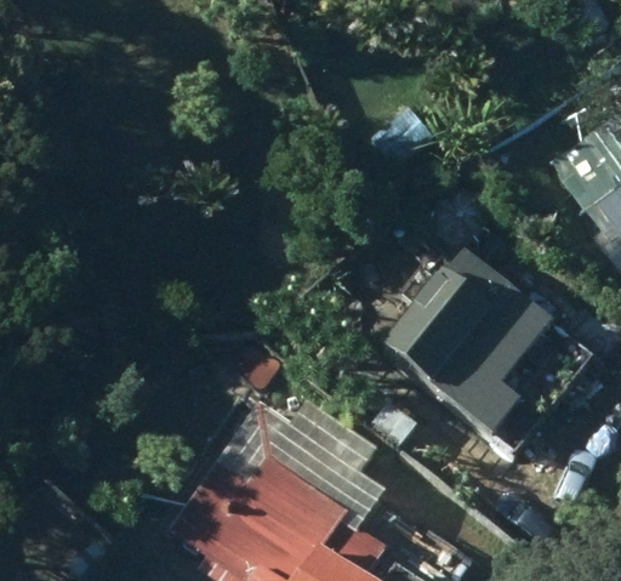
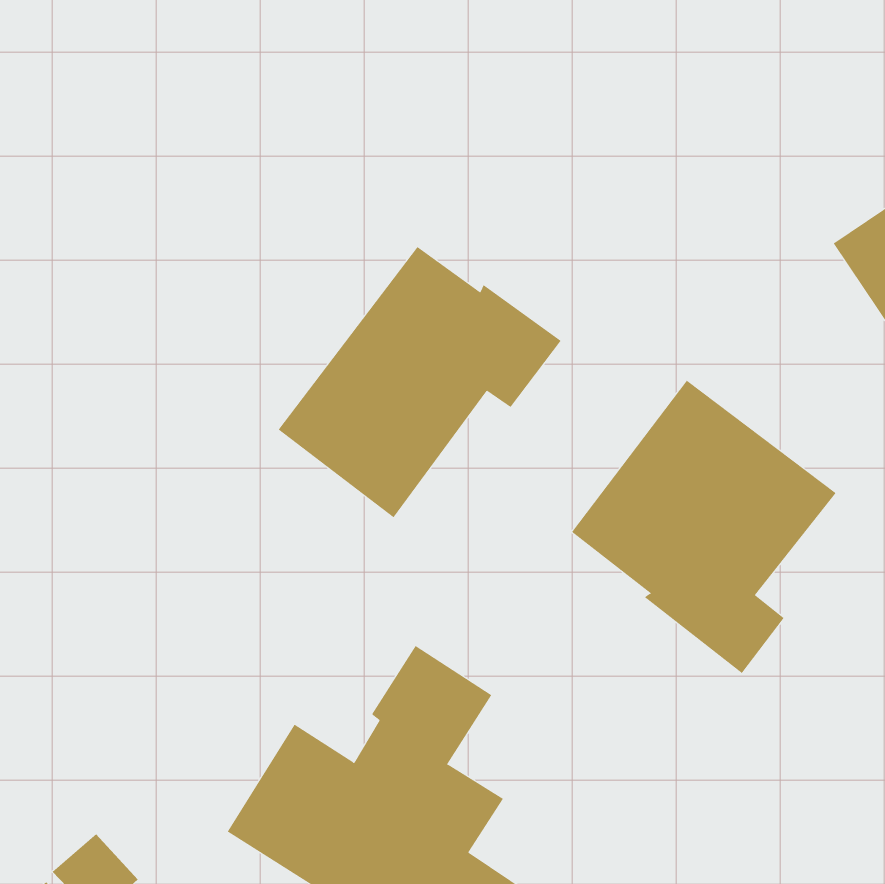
building: none -> [278,246,562,518]

